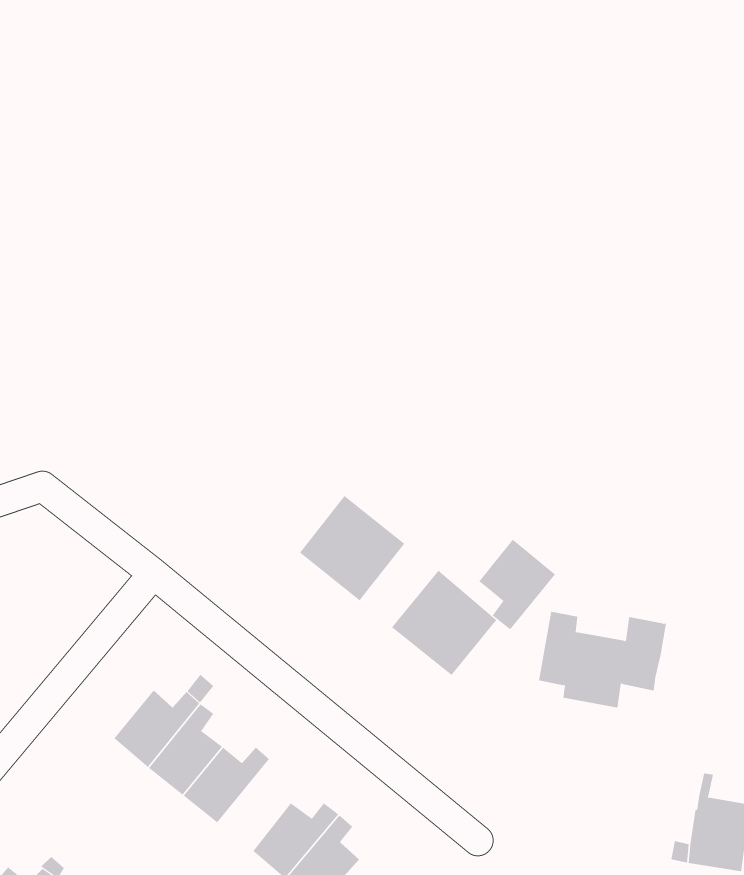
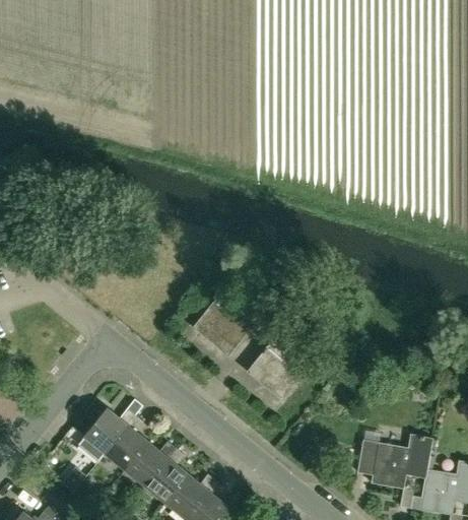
building: [479,539,556,630] -> none
building: [538,611,667,708] -> [357,432,432,489]
building: none -> [145,449,188,503]

